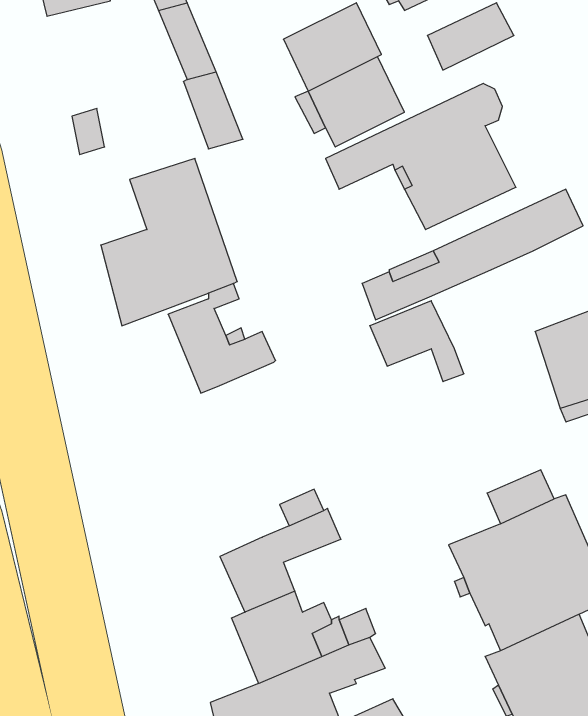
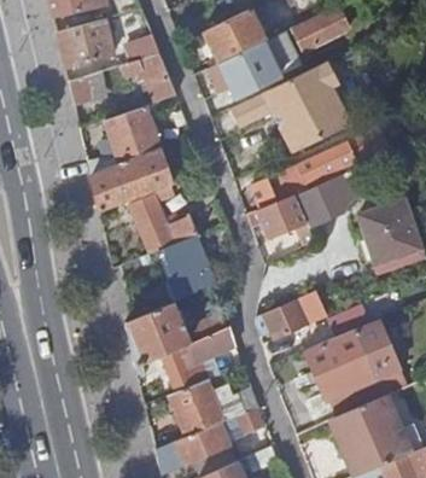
building: none -> [57,19,113,66]
building: none -> [293,165,369,227]
building: none -> [162,235,216,299]
building: none -> [256,291,328,338]
building: none -> [126,303,188,368]

